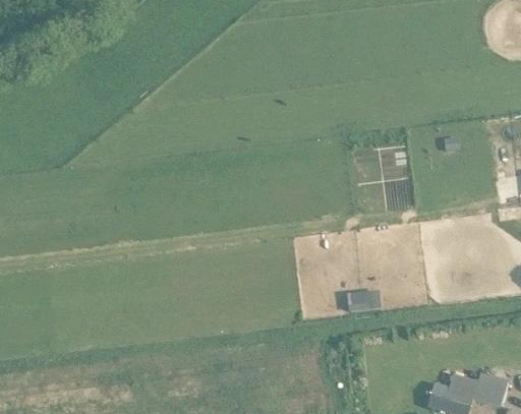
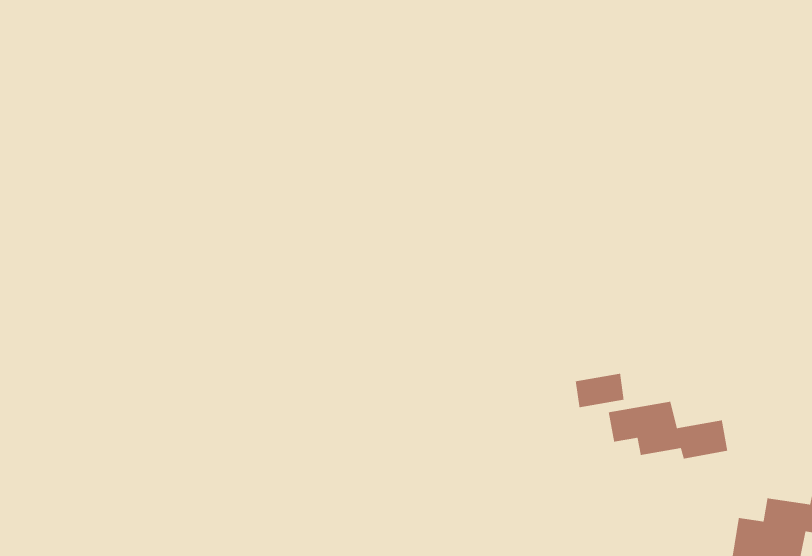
building: none -> [608,401,728,459]

